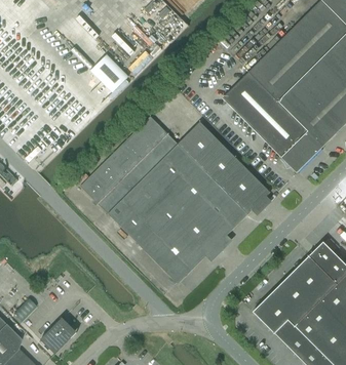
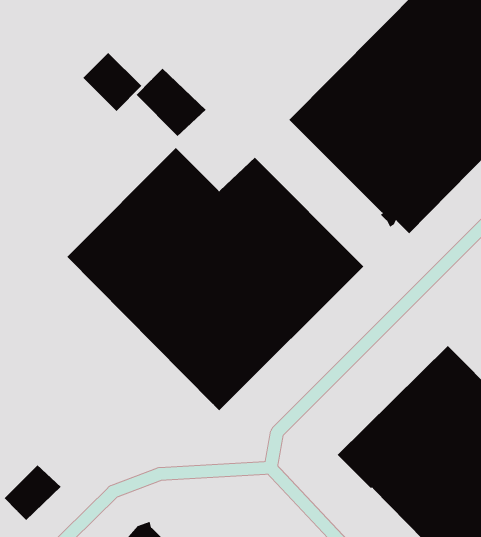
building: none -> [136,68,207,137]

